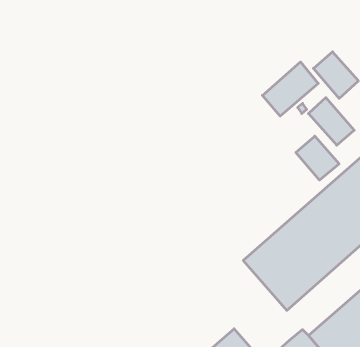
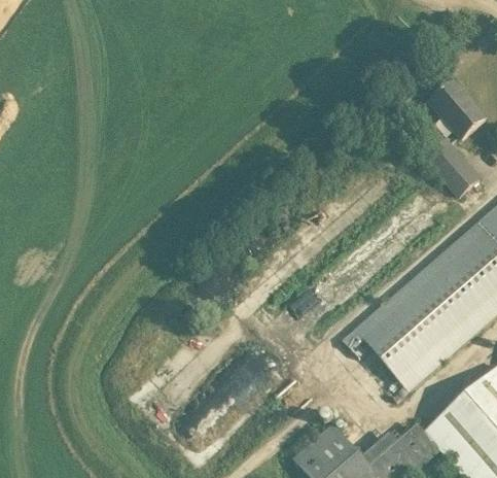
building: [262,62,318,116] -> none
building: [296,136,339,180] -> none

